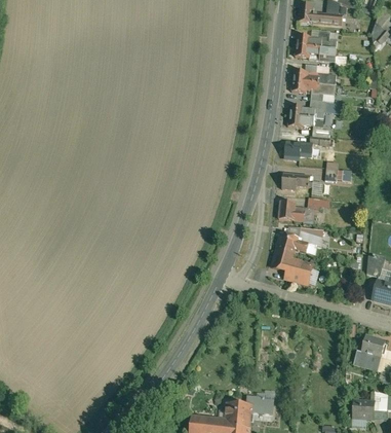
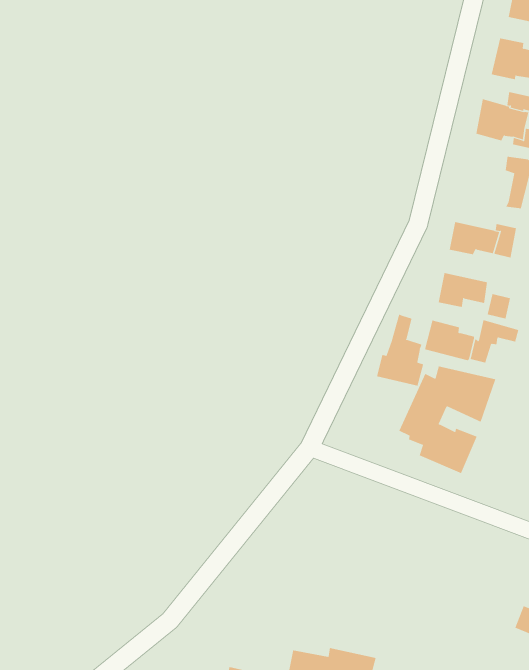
building: [289,103,316,125] -> none
building: none -> [376,314,424,387]

